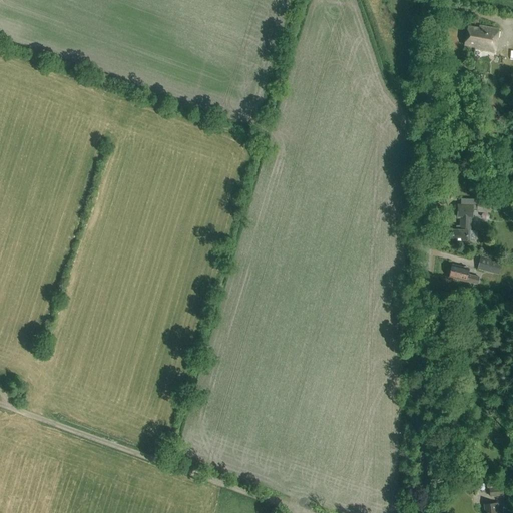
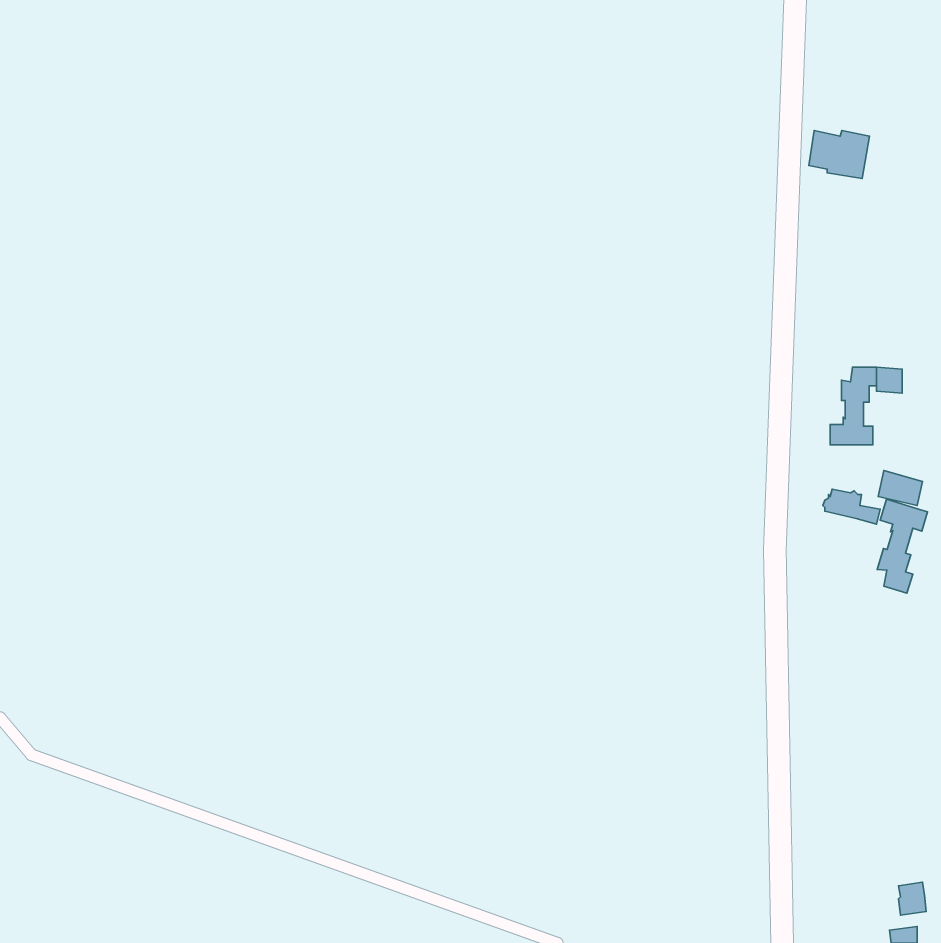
building: [465,27,498,53] -> [809,131,870,178]
building: none -> [877,499,928,593]

